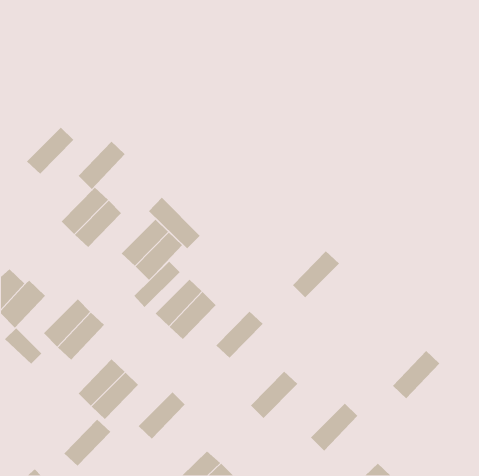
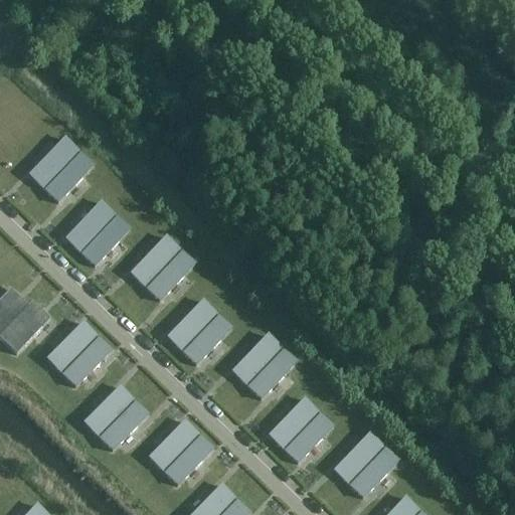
building: [78,141,126,190] -> [43,150,95,202]
building: [148,197,201,249] -> none
building: [292,250,340,298] -> [246,347,298,398]
building: [134,261,180,308] -> none
building: [4,328,42,365] -> none
building: [392,350,440,399] -> [348,446,399,498]
building: none -> [283,411,334,463]
building: [63,419,111,467] -> [163,434,214,485]

